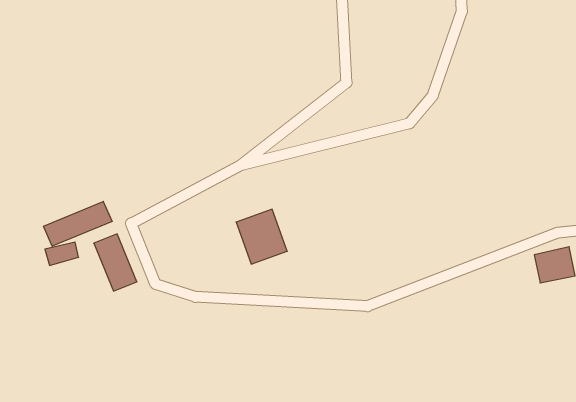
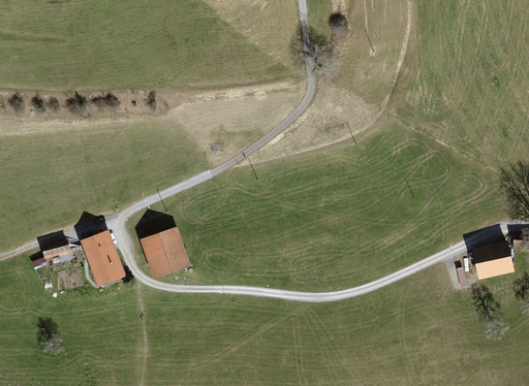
building: [43,201,112,246] -> none
building: [236,209,287,264] -> [143,228,188,277]

